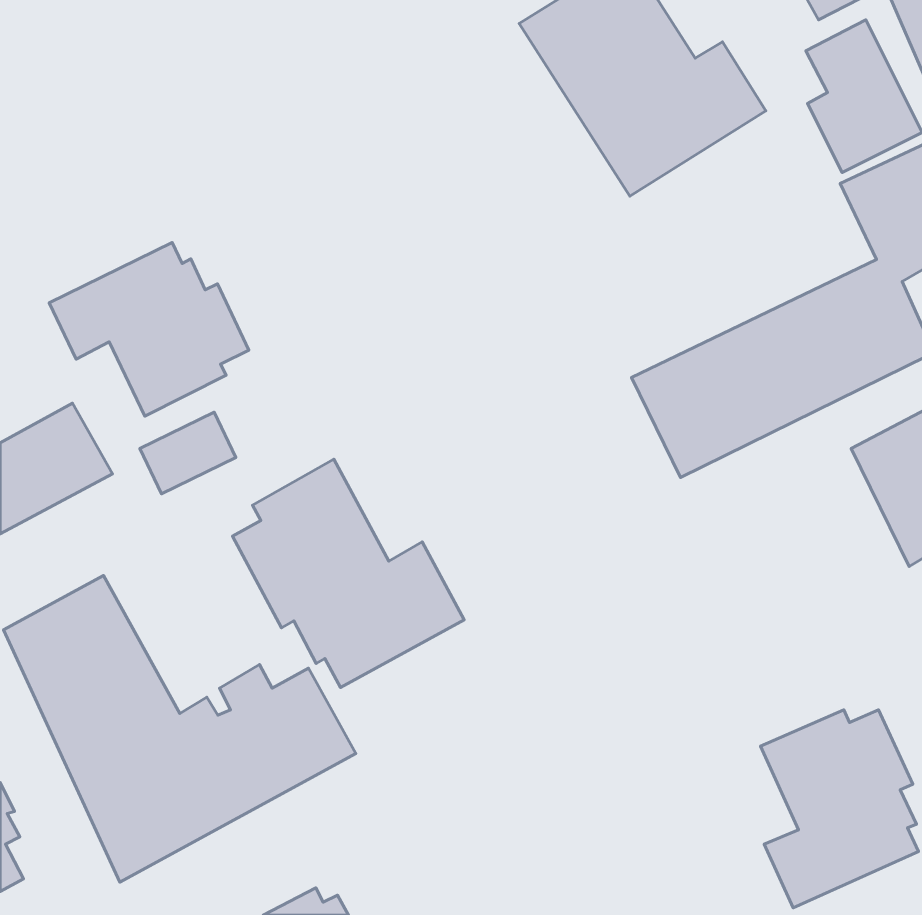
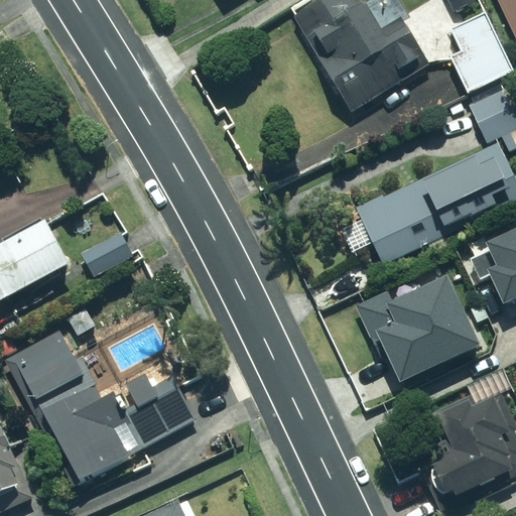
building: [49,243,249,416] -> none
building: [233,459,464,687] -> none
building: none -> [358,275,479,384]

